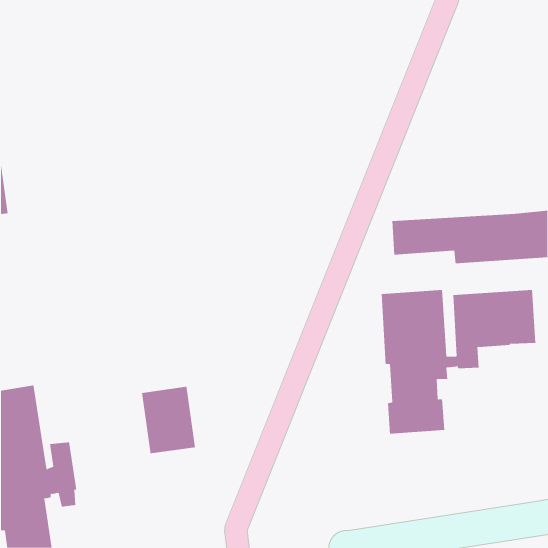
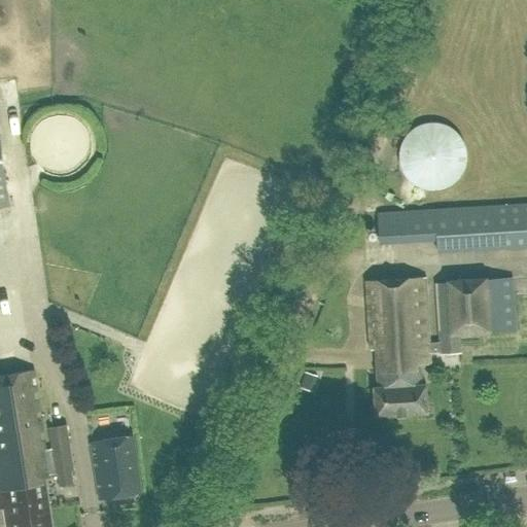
building: none -> [397,122,466,190]
building: [141,386,196,454] -> [89,435,141,500]

